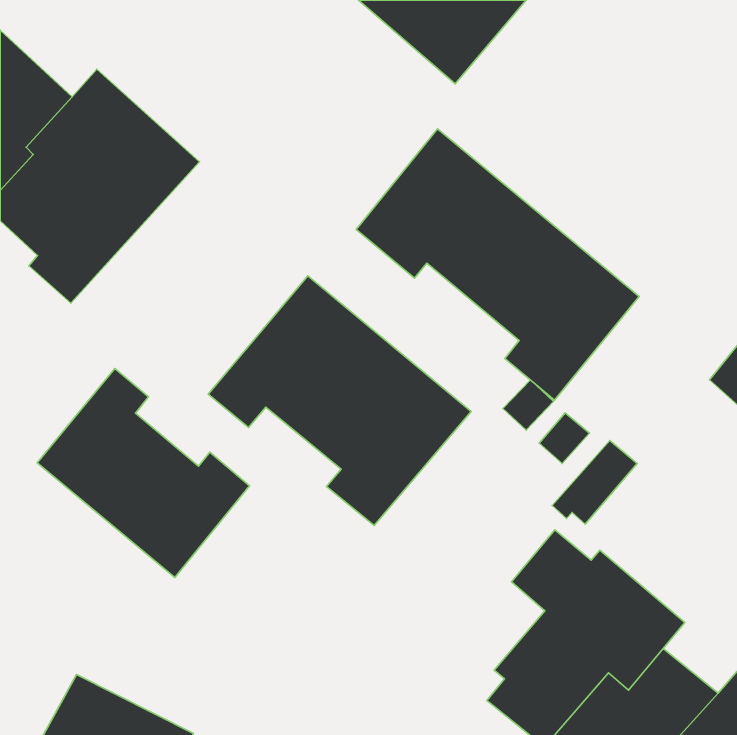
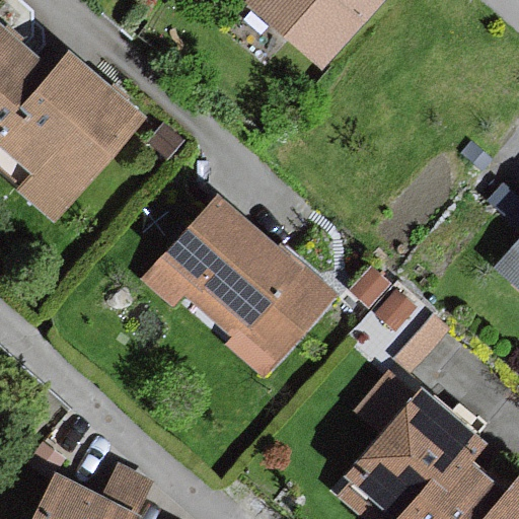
building: [356,129,639,400] -> none
building: [37,368,250,577] -> none

